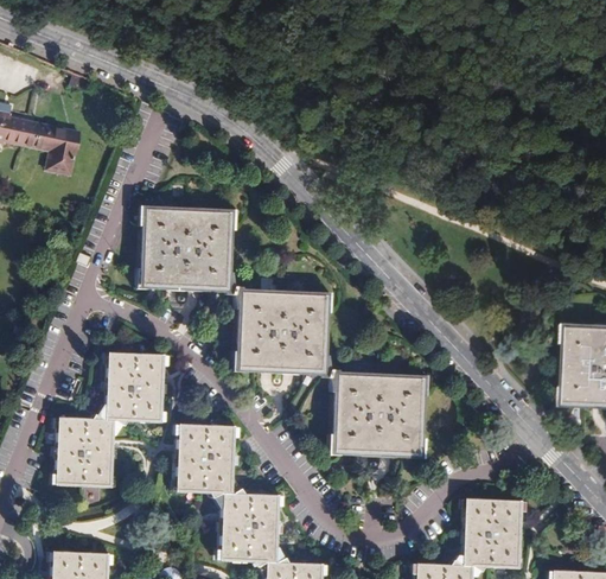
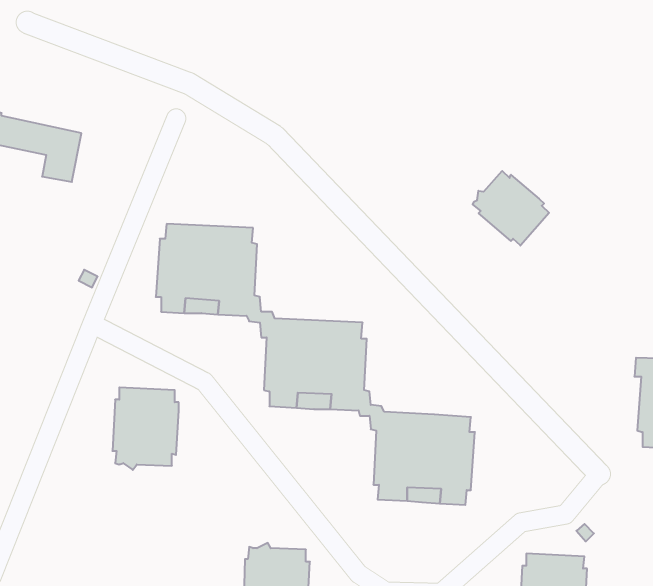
building: none -> [473,171,549,246]
building: [57,414,115,486] -> none
building: [177,425,235,497] -> none

